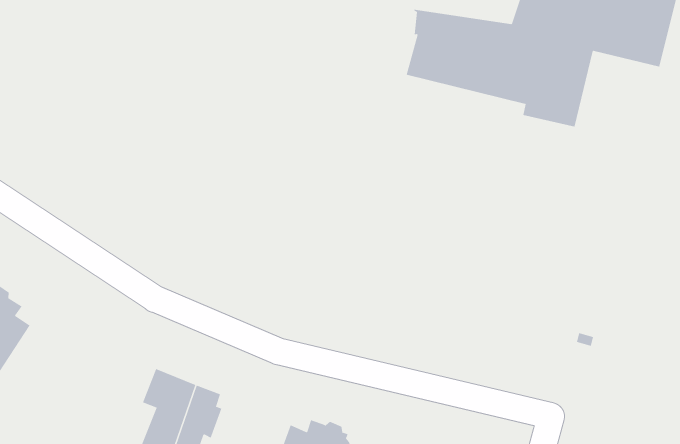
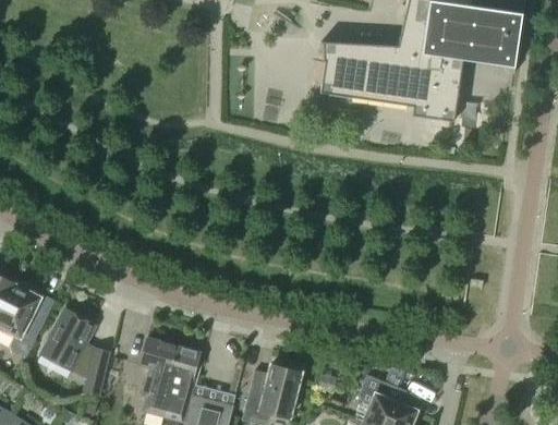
building: none -> [41,307,110,394]

